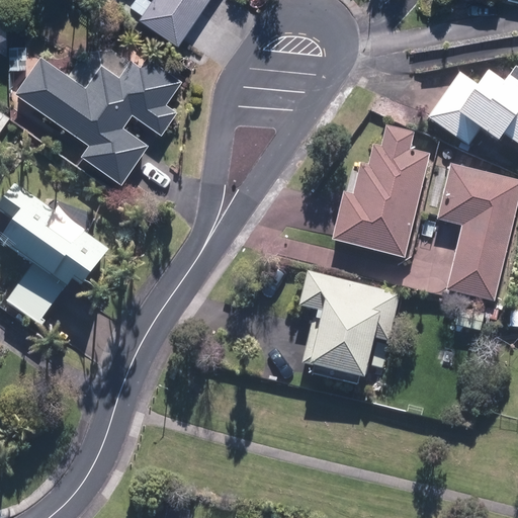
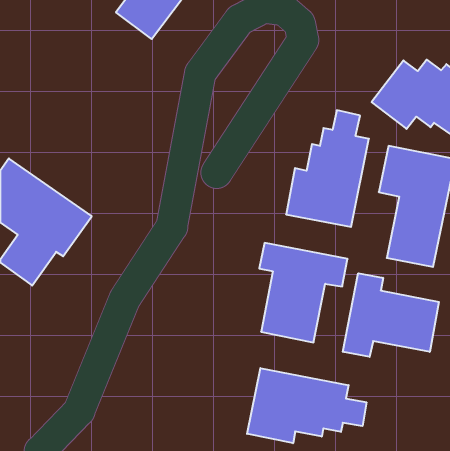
building: [13,47,183,184] -> none
building: none -> [343,273,439,357]
building: none -> [247,368,366,443]

